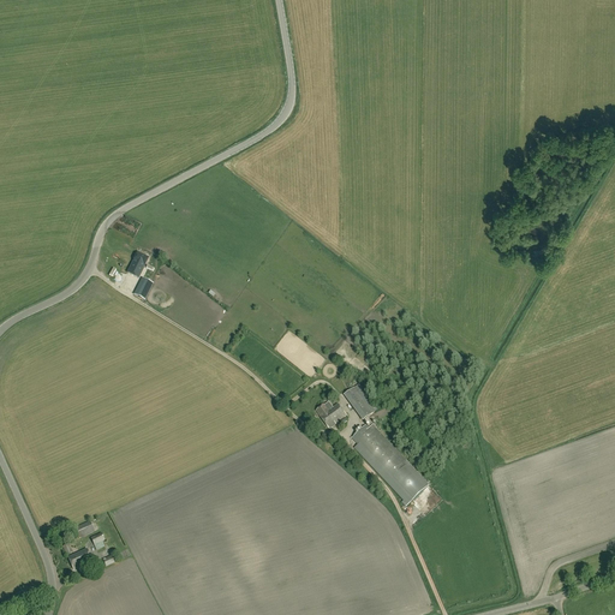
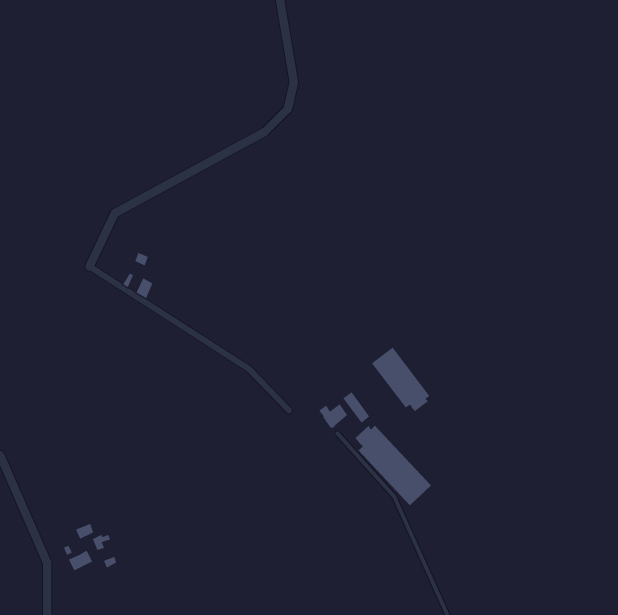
building: none -> [371,347,430,412]

